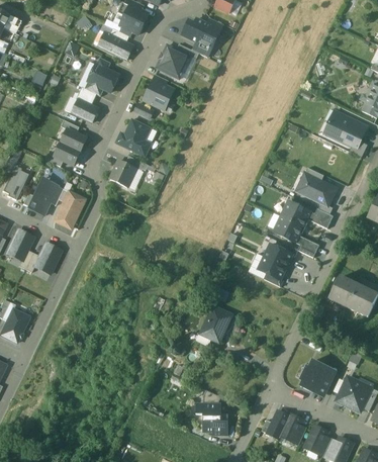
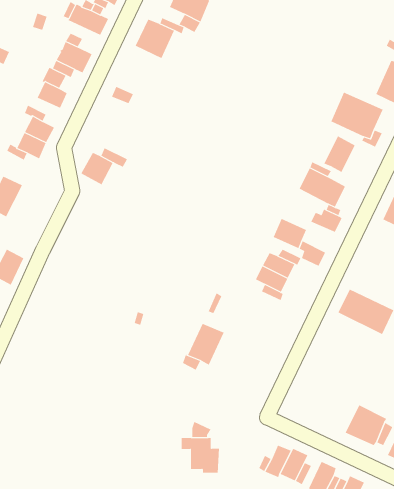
building: [145,80,173,107] -> none
building: [114,116,157,155] -> none
building: none -> [324,136,355,173]
building: [56,192,84,226] -> none
building: [280,200,309,225] -> none
building: [298,359,335,395] -> none

